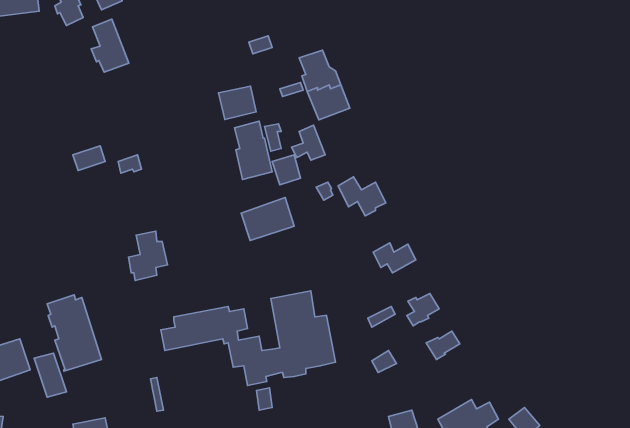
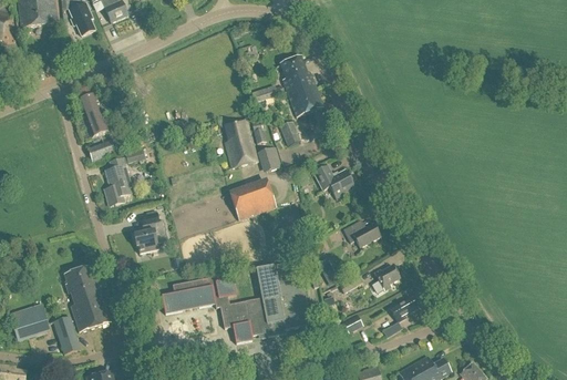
building: [91,19,129,72] -> [76,93,109,138]
building: [219,86,256,119] -> none
building: none -> [104,156,131,203]

